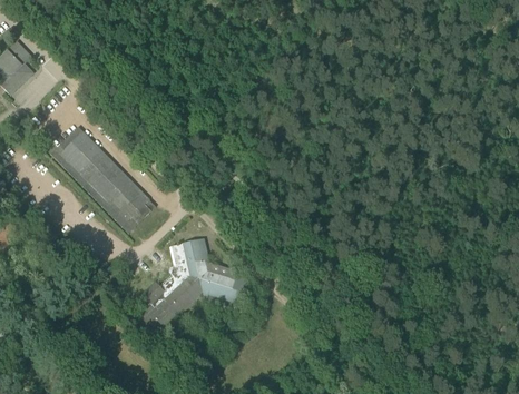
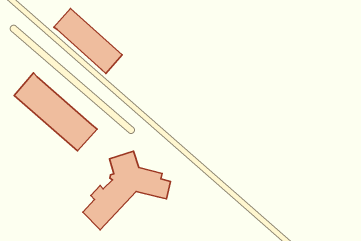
building: none -> [54,9,122,73]

